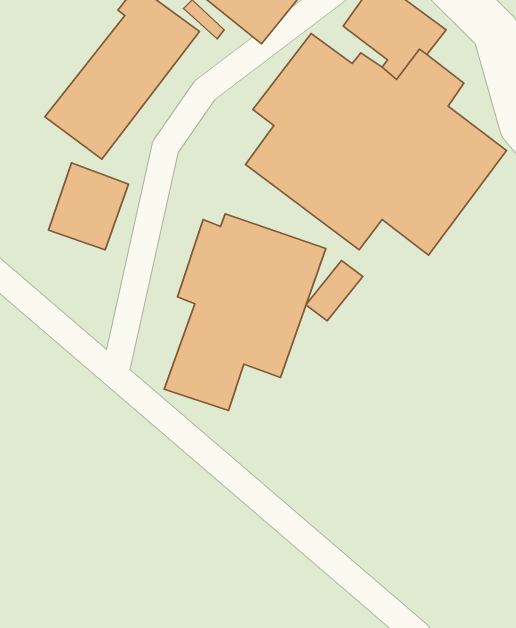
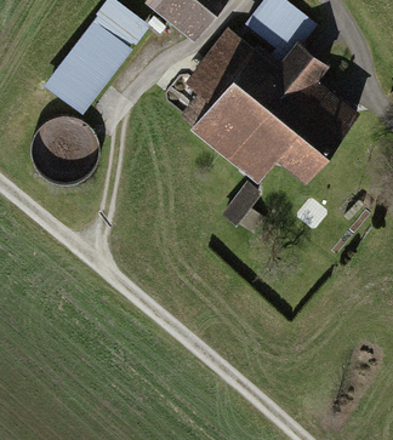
building: [164,214,326,411] -> none

